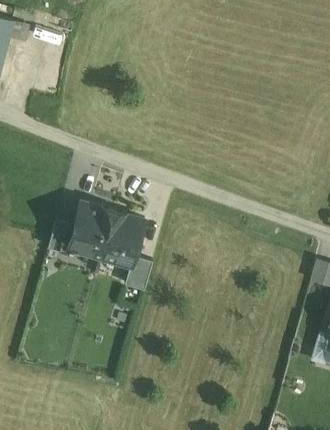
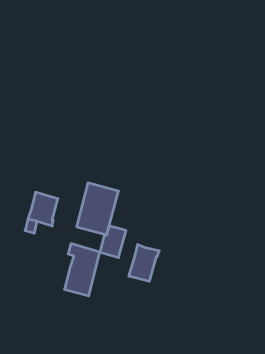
building: [74,200,112,256] -> [64,244,100,296]
building: none -> [129,244,159,281]

